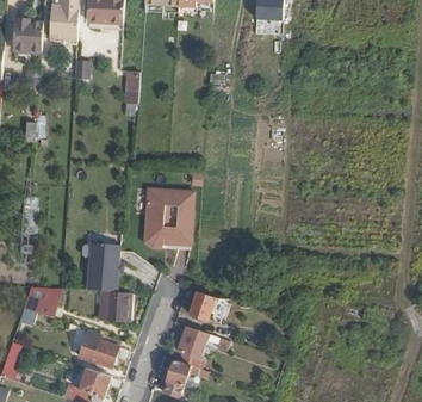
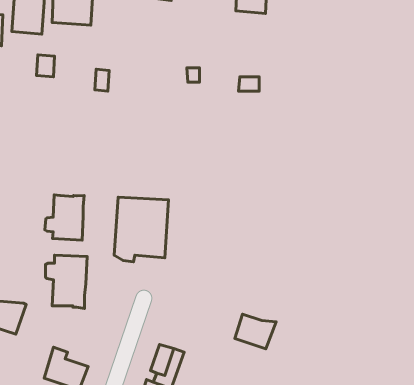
building: none -> [45,195,84,240]
building: [104,292,131,323] -> none
building: [190,292,228,324] -> [235,314,276,349]

